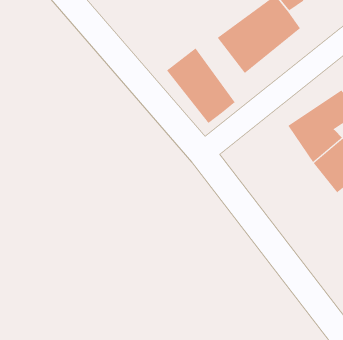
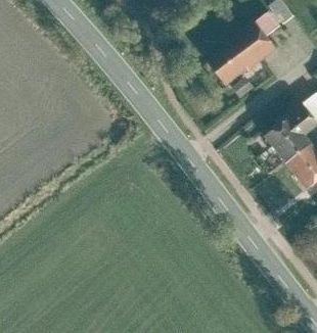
building: [166,48,236,124] -> none

